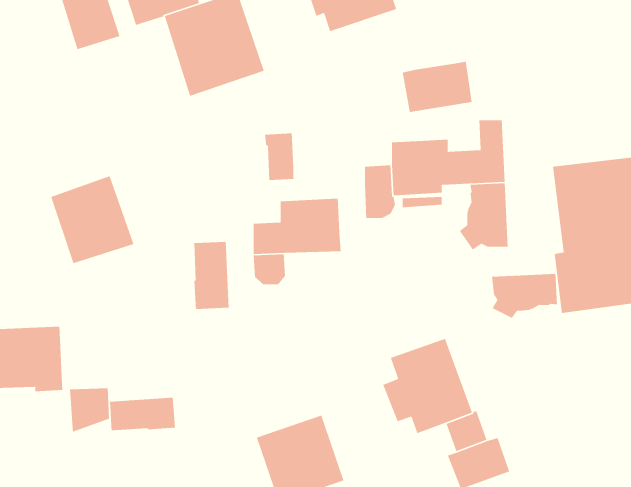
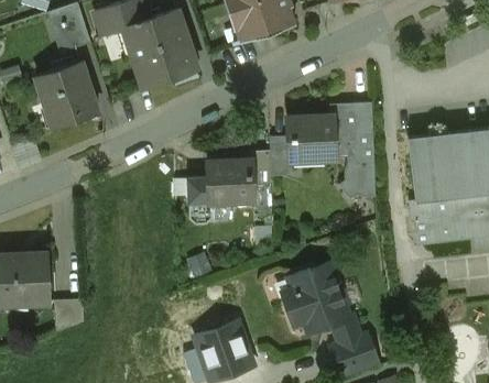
building: [402,61,472,113] -> none
building: [264,133,294,181] -> [249,151,271,186]
building: [50,175,134,264] -> [36,62,98,127]
building: [193,241,230,310] -> none
building: [491,273,558,319] -> none
building: [109,397,176,431] -> none

